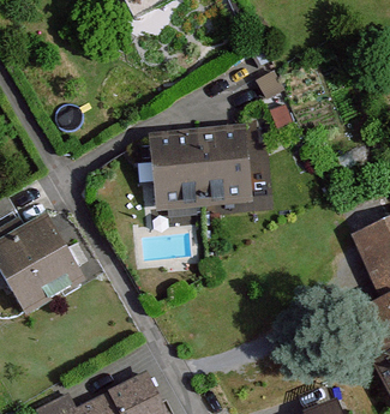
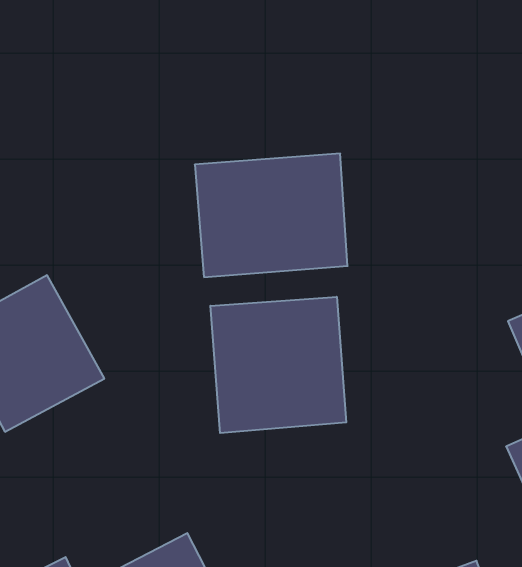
building: none -> [210,297,346,433]

